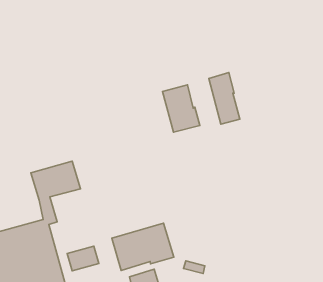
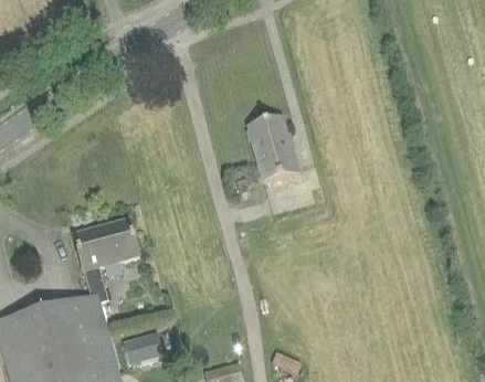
building: [209,73,240,124] -> none
building: [112,223,174,270] -> none

